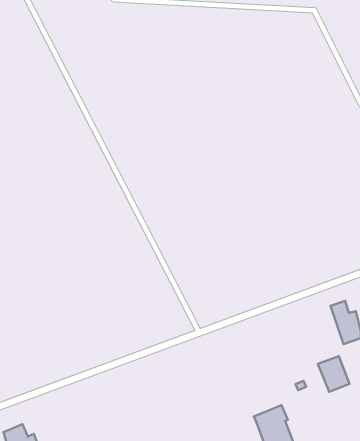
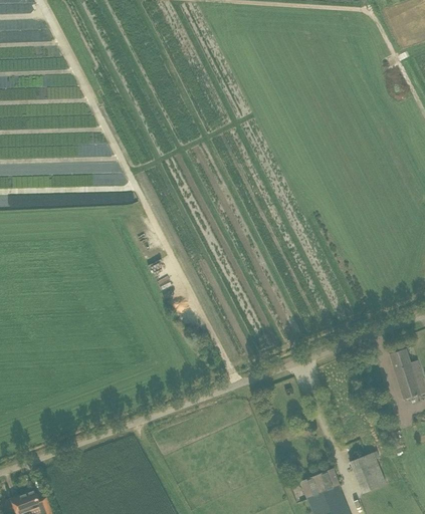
building: [318,356,349,392] -> [351,453,387,494]

